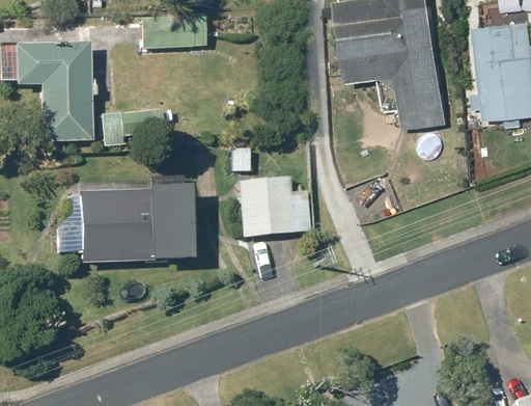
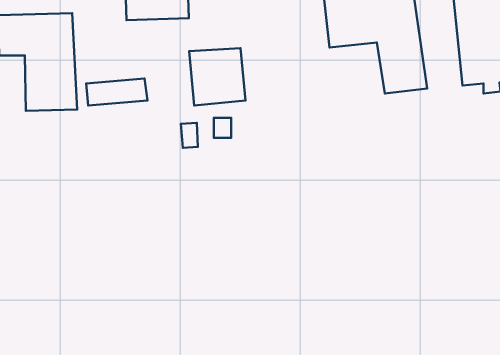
building: [75,175,188,265] -> none
building: [237,180,296,239] -> [189,48,246,106]

